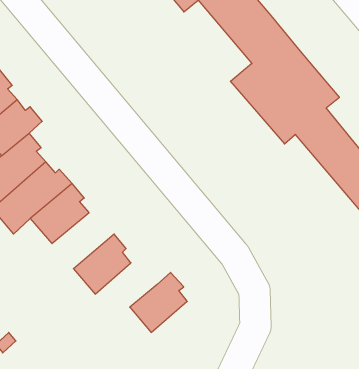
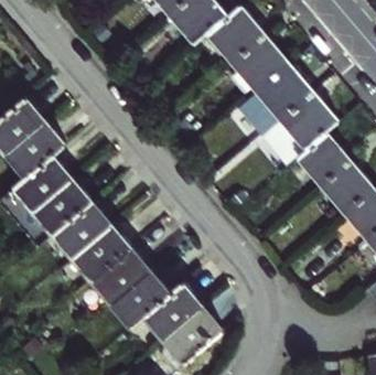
building: none -> [74,228,131,280]
building: none -> [114,275,171,326]
building: none -> [165,310,224,363]

